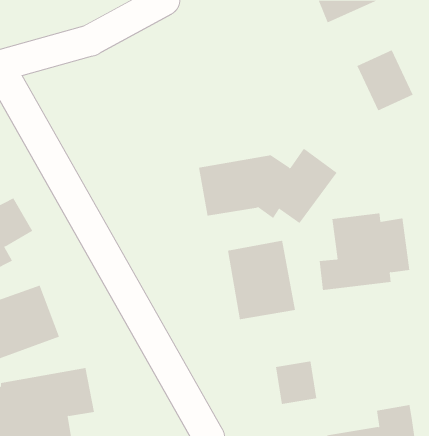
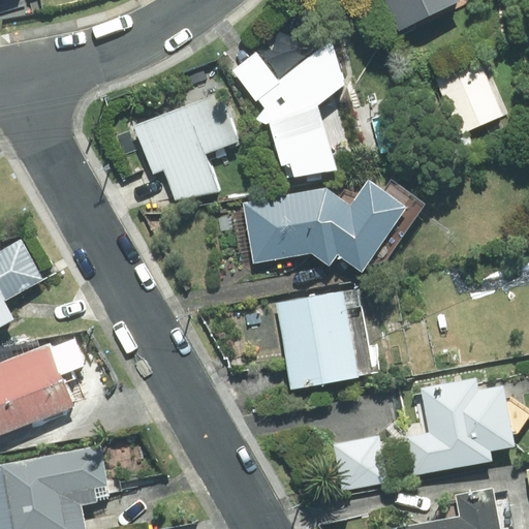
building: none -> [231,35,348,178]
building: none -> [132,92,239,201]
building: [319,213,410,291] -> [404,377,515,471]

